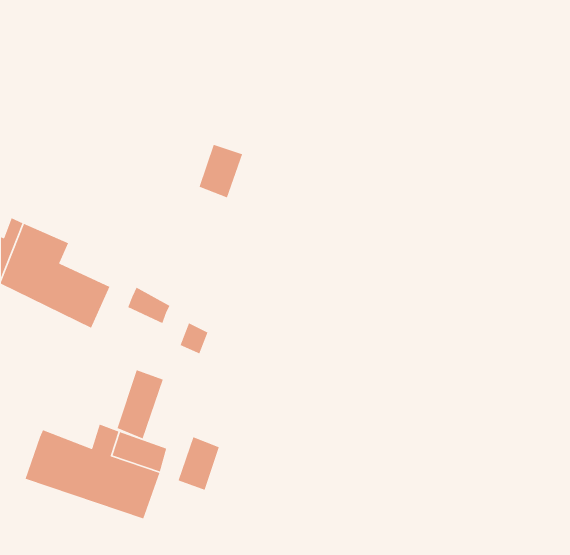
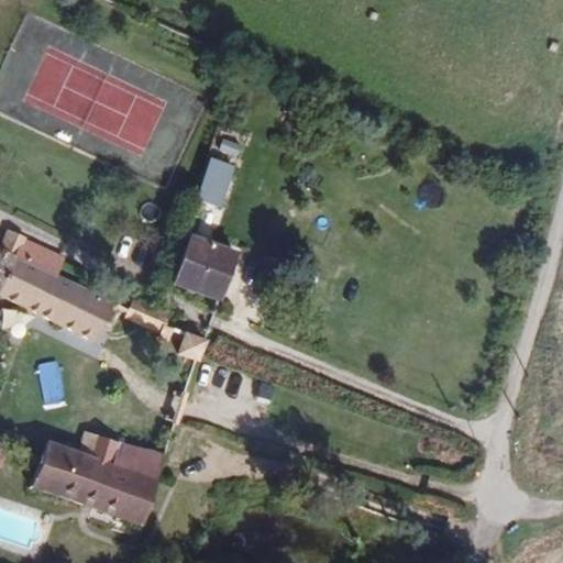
building: none -> [174,234,239,300]
building: [116,369,164,440] -> none
building: [178,436,220,491] -> none

